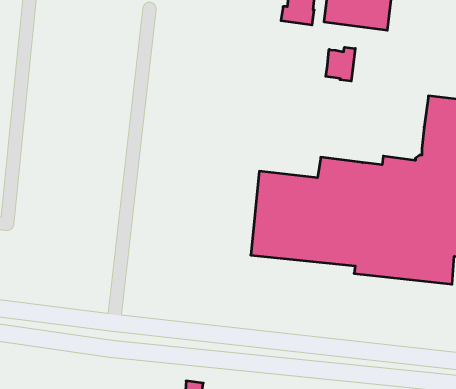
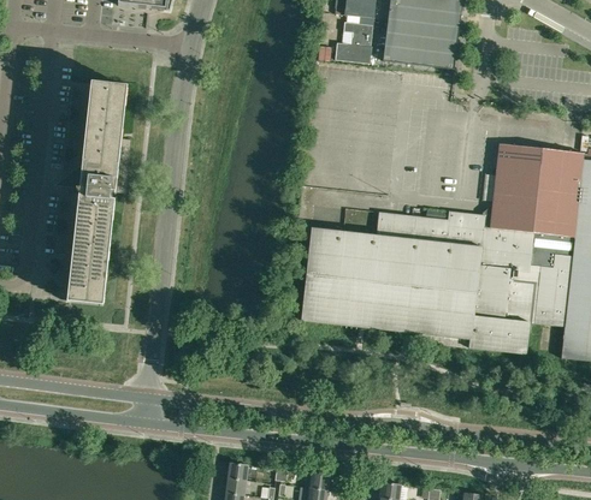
building: none -> [61,83,130,304]
building: [326,47,355,81] -> none

